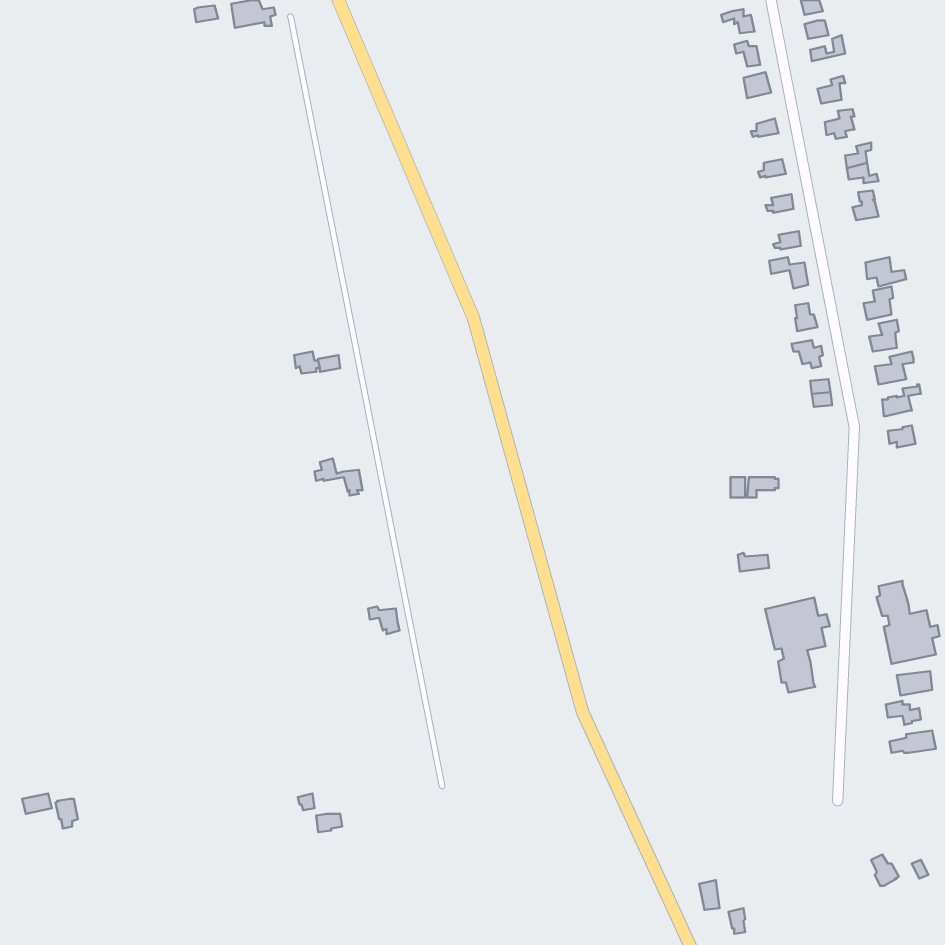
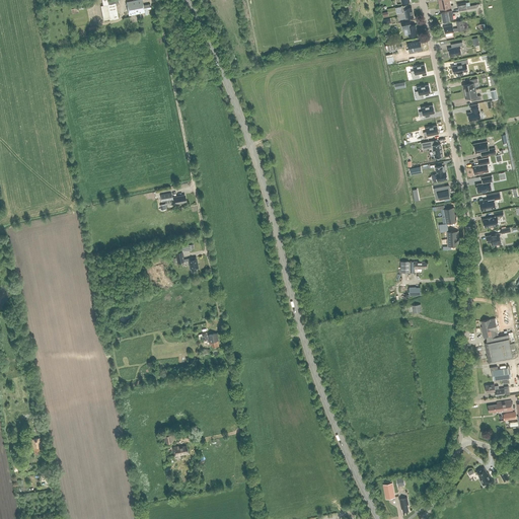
building: [765,597,830,693] -> none

